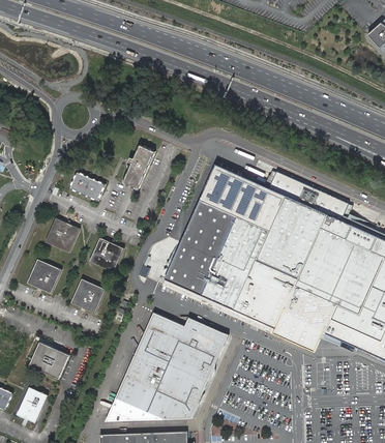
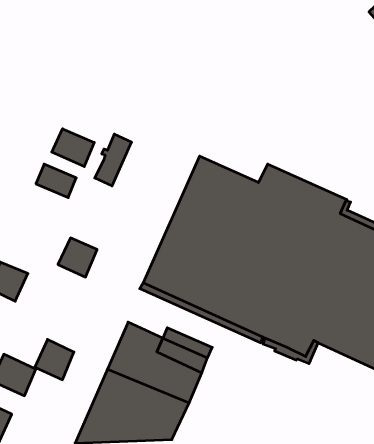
building: none -> [52,129,94,167]
building: [46,217,81,253] -> none
building: [70,277,106,314] -> [35,339,74,380]

